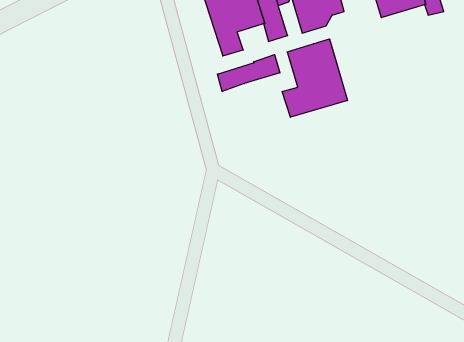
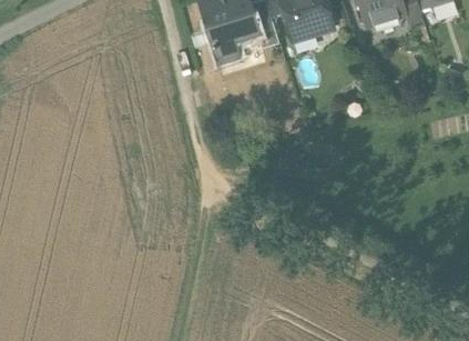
building: [282,39,347,117] -> none
building: [217,55,280,91] -> none

